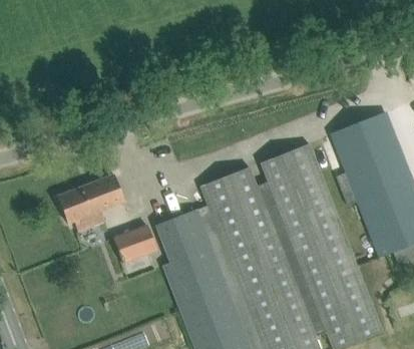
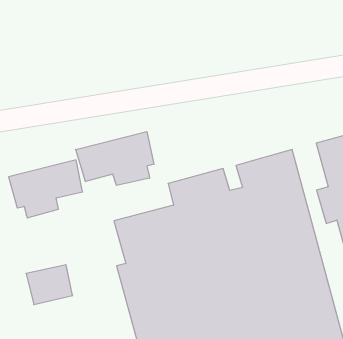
building: none -> [76,132,154,185]
building: [112,226,156,265] -> [26,265,73,305]

